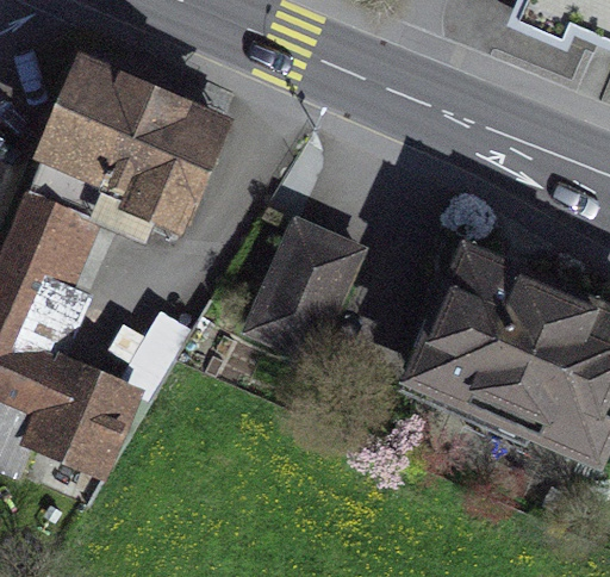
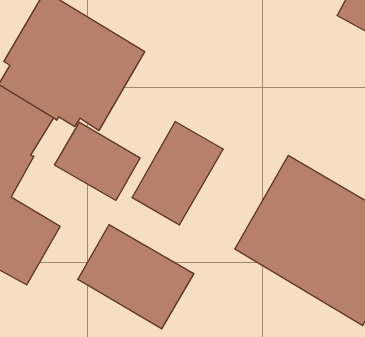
building: none -> [55,122,140,200]
building: none -> [78,225,194,329]

